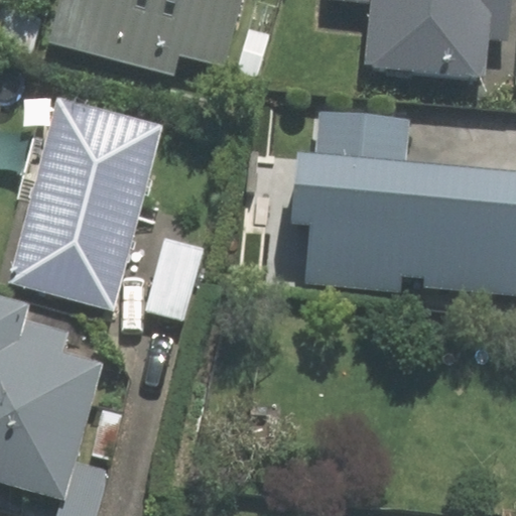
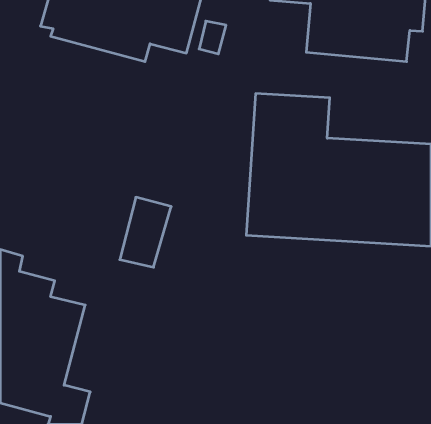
building: [9,98,162,309] -> none

